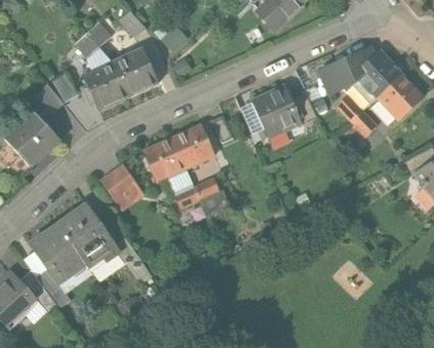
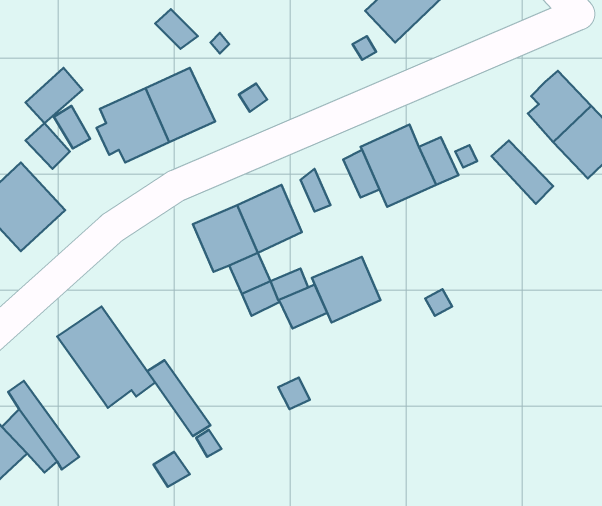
building: [74,22,111,57] -> [26,68,82,123]
building: [317,48,371,94] -> none
building: [101,165,135,199] -> none
building: none -> [312,257,381,322]
building: [28,223,85,285] -> none

